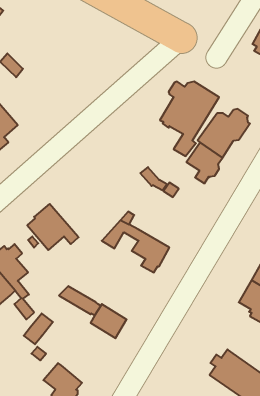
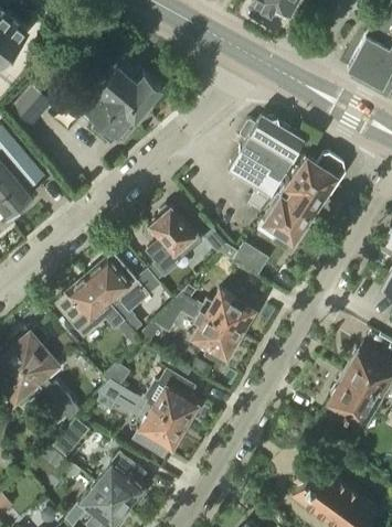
building: none -> [72,57,161,142]
building: none -> [148,206,203,276]
building: none -> [86,254,162,333]
building: none -> [201,290,258,333]
building: none -> [145,368,200,426]
building: none -> [97,453,147,507]

